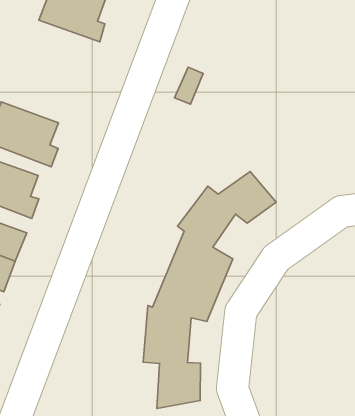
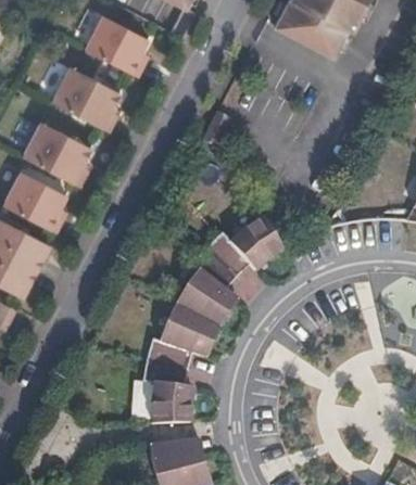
building: none -> [52,68,119,132]

